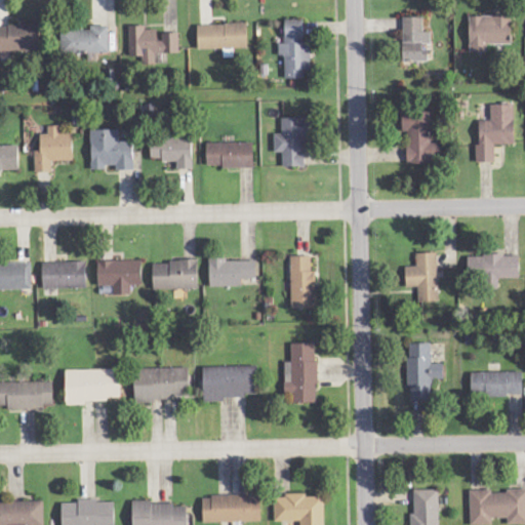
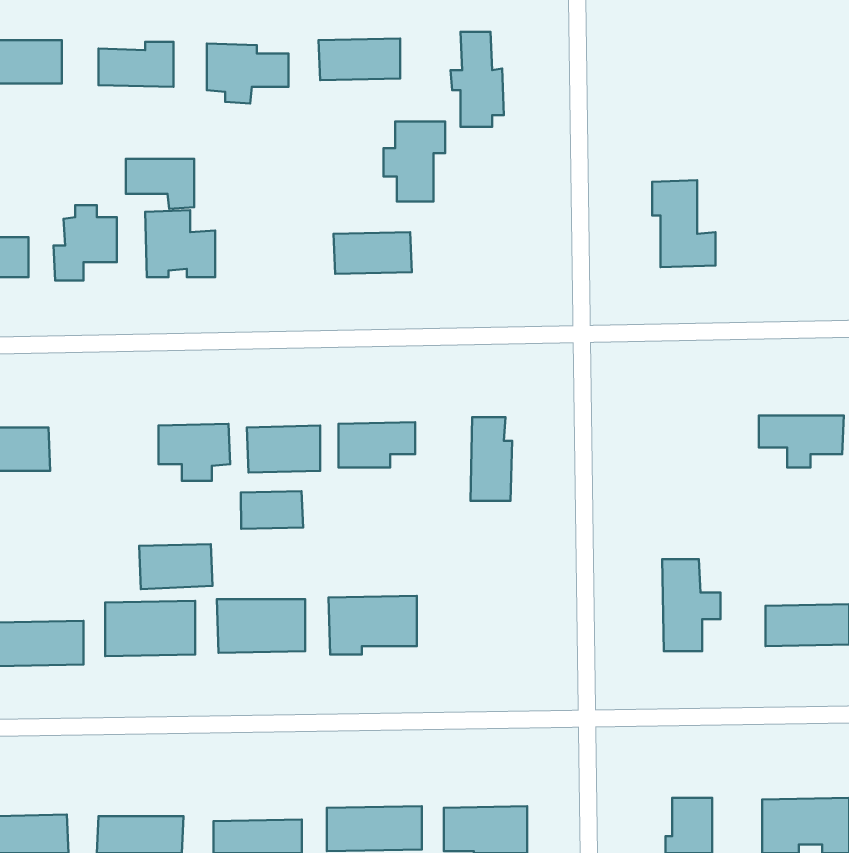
building: [468,15,511,53] -> none
building: [402,16,430,62] -> none
building: [474,105,514,163] -> none
building: [273,118,311,167] -> [383,122,445,202]
building: [150,138,192,169] -> [126,159,194,209]
building: [405,253,438,302] -> none
building: [41,261,86,289] -> [139,544,213,589]
building: none -> [241,491,303,529]
building: [283,344,316,403] -> none

